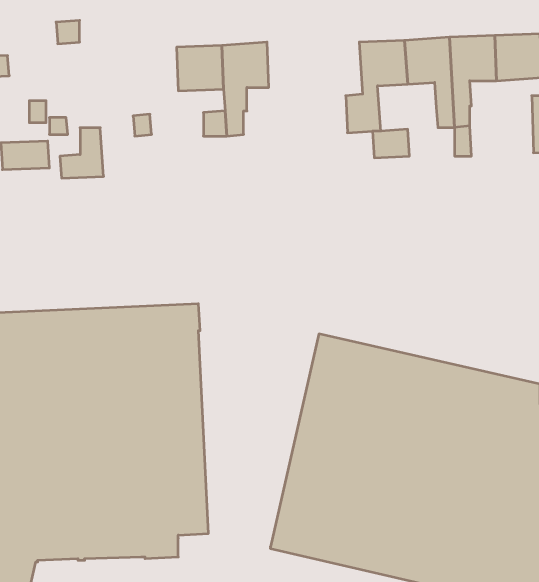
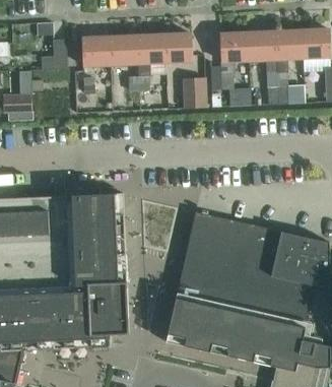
building: none -> [163,34,192,62]
building: none -> [81,38,110,65]
building: none -> [183,77,206,108]
building: [60,128,104,178] -> [41,40,67,70]

